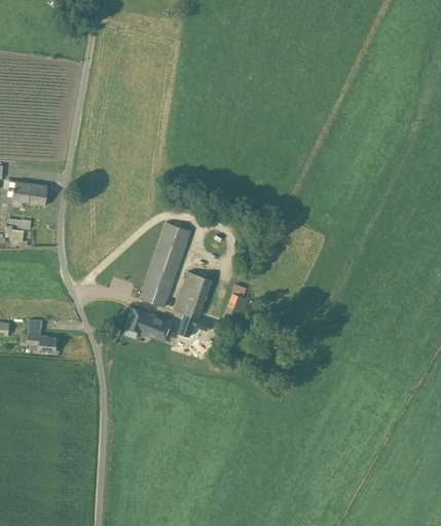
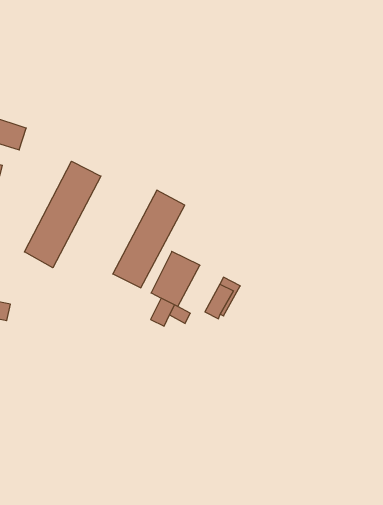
building: none -> [24,161,101,268]
building: [124,307,173,339] -> none

